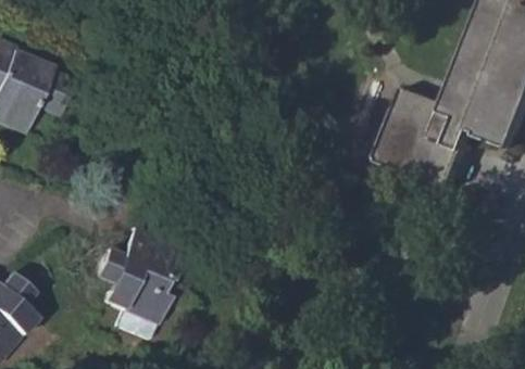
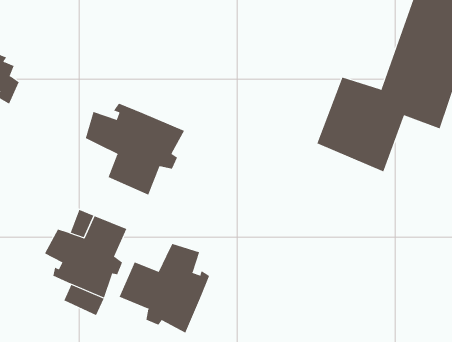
building: none -> [85,103,185,196]
building: none -> [119,243,210,333]

